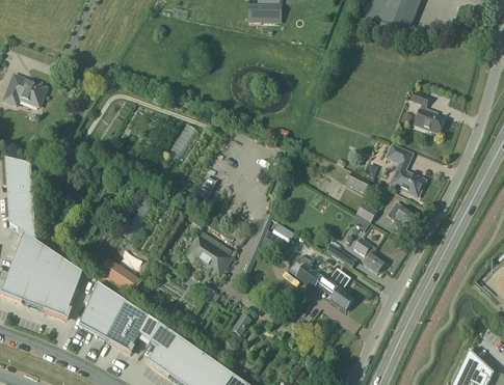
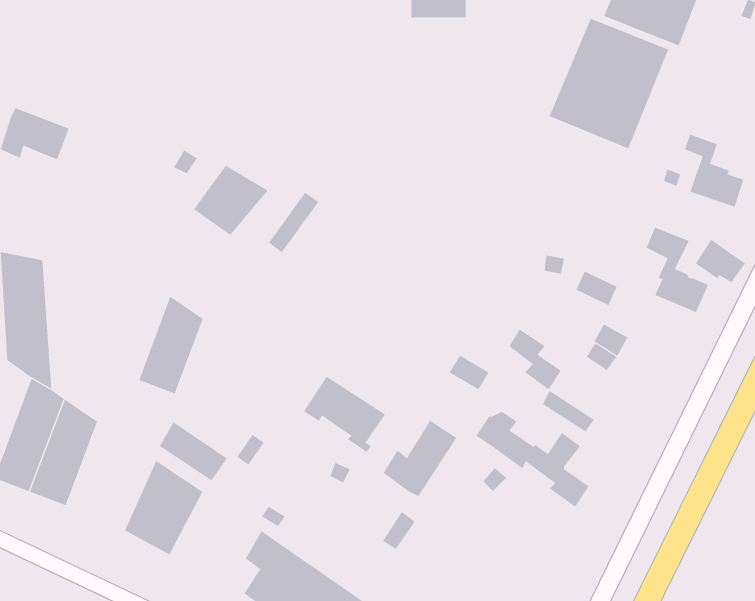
building: none -> [549,18,669,149]
building: none -> [193,165,269,236]
building: [388,199,418,225] -> [695,239,746,283]
building: [354,236,386,272] -> [509,329,561,390]
building: none -> [383,420,457,497]
building: [45,259,83,318] -> [138,296,203,394]
building: [106,301,160,352] -> none

